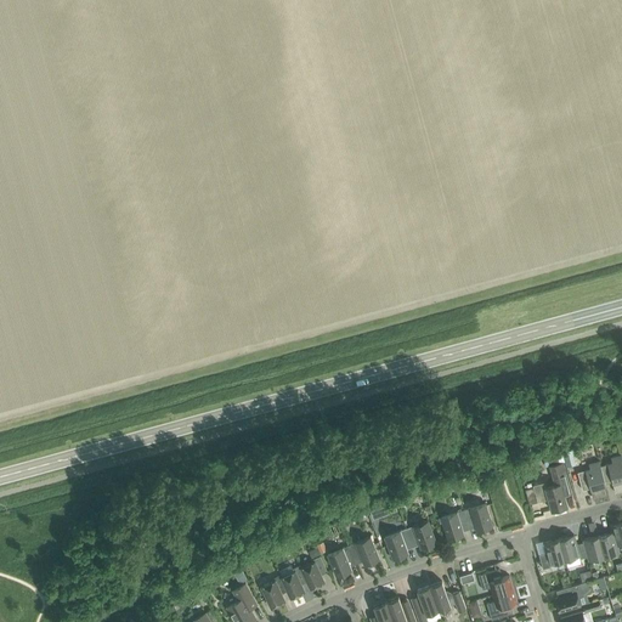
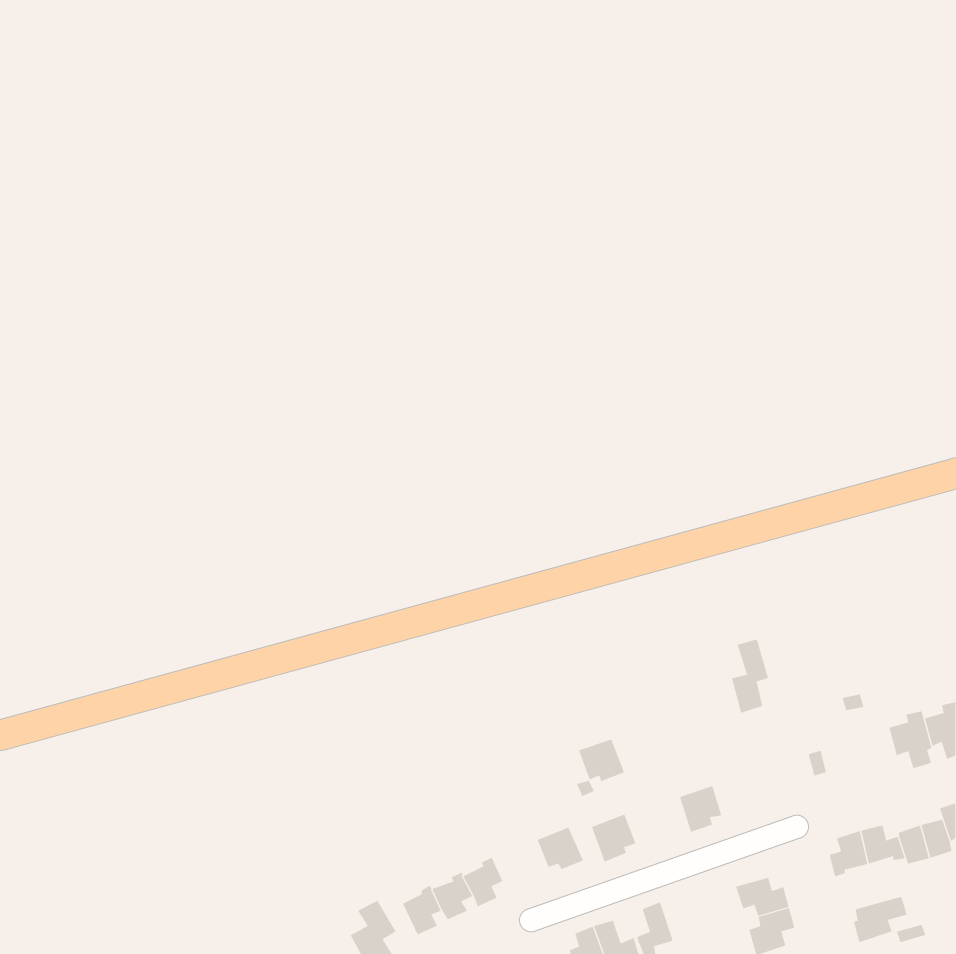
building: [545,464,570,513] -> [731,639,769,714]
building: [463,504,492,532] -> none
building: [406,522,436,550] -> [578,739,625,782]
building: [327,547,356,578] -> none
building: [429,583,465,613] -> none

